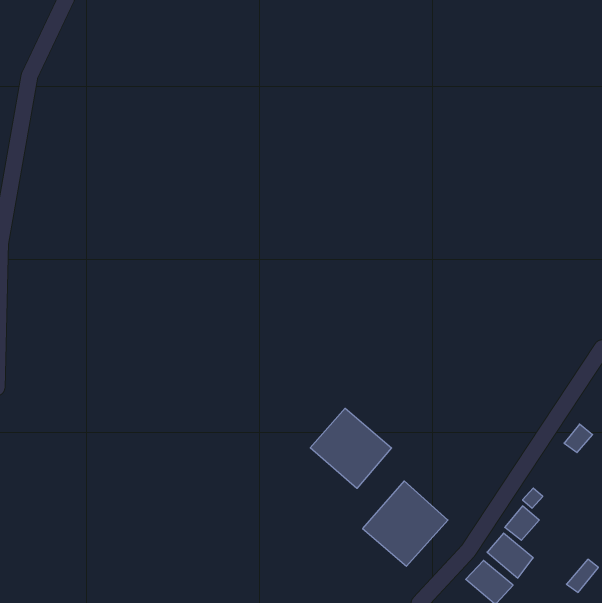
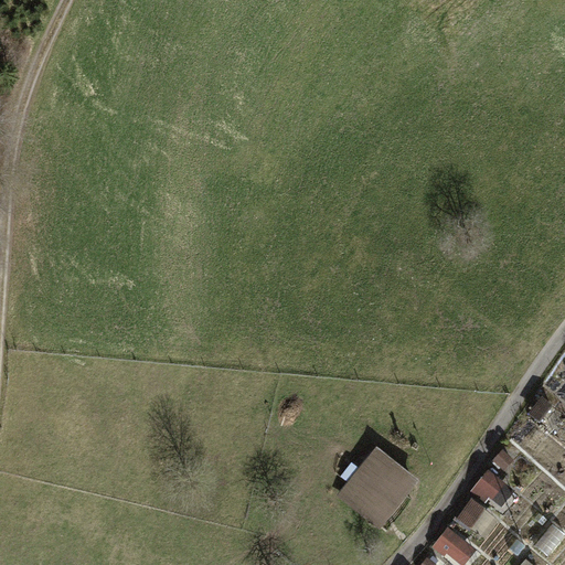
building: [310,408,392,488] -> none

